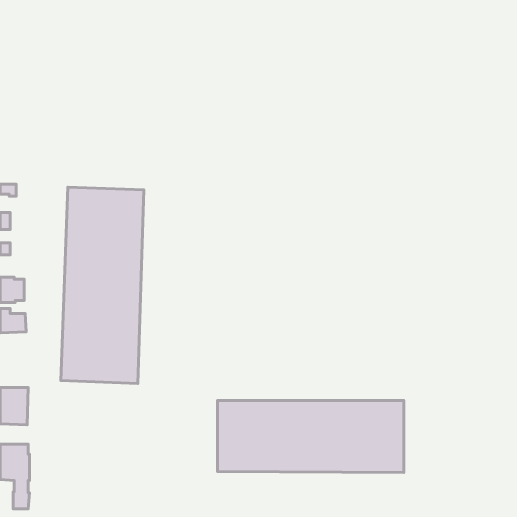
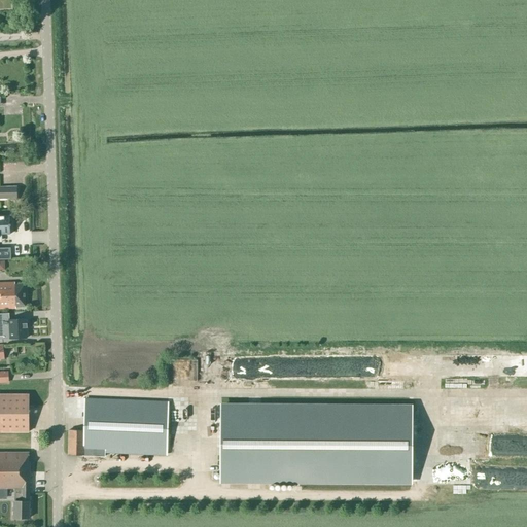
building: [61,187,144,383] -> none
building: none -> [68,399,168,456]

